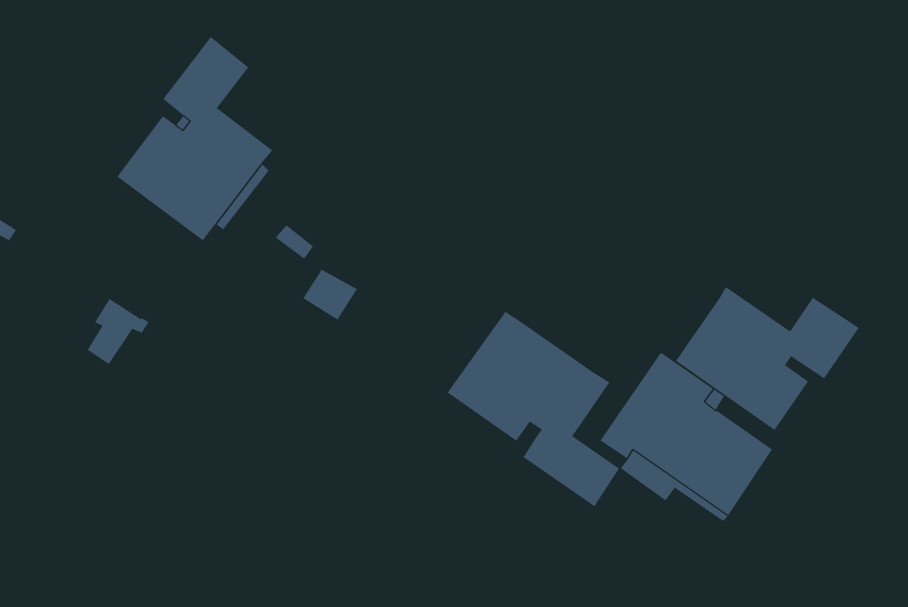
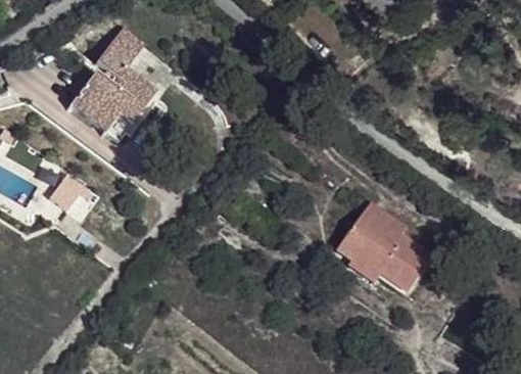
building: [675,286,859,431] -> none
building: [447,311,620,507] -> none

